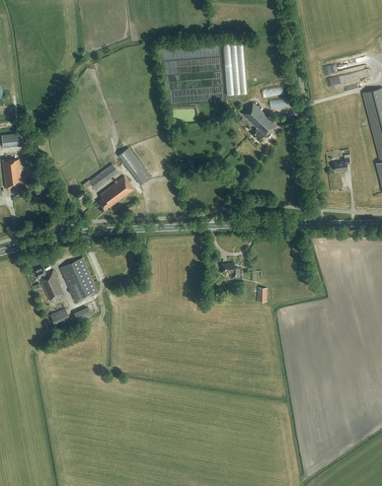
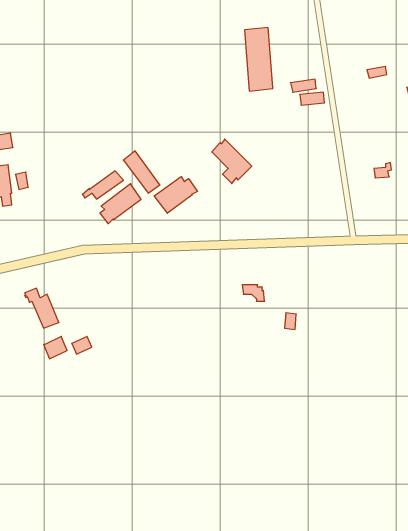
building: [242,103,277,142] -> [212,139,252,184]
building: none -> [154,177,198,213]
building: [60,258,97,301] -> none

